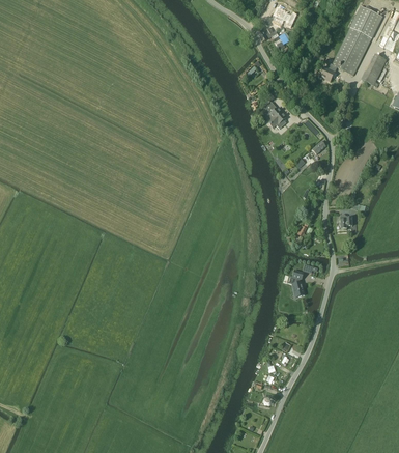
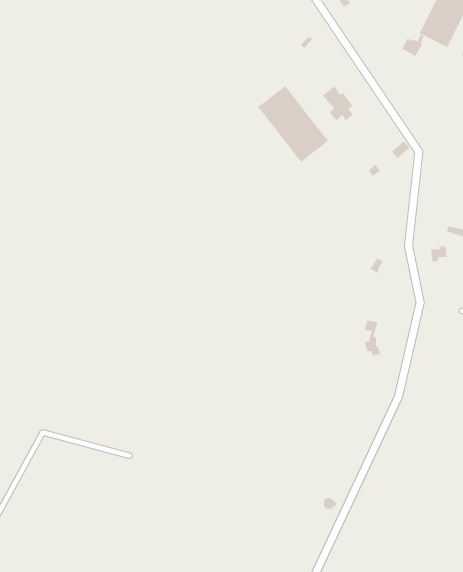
building: none -> [257,85,329,163]

